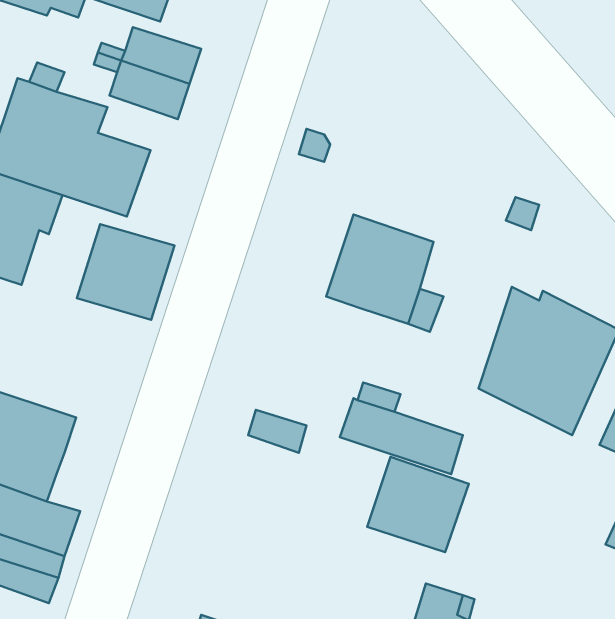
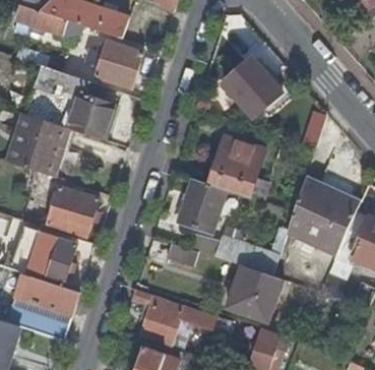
building: none -> [224,58,280,116]
building: [77,224,174,320] -> [47,187,98,237]
building: none -> [178,177,226,232]
building: none -> [130,288,217,343]

